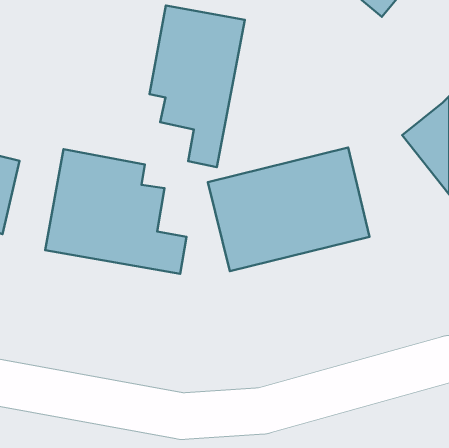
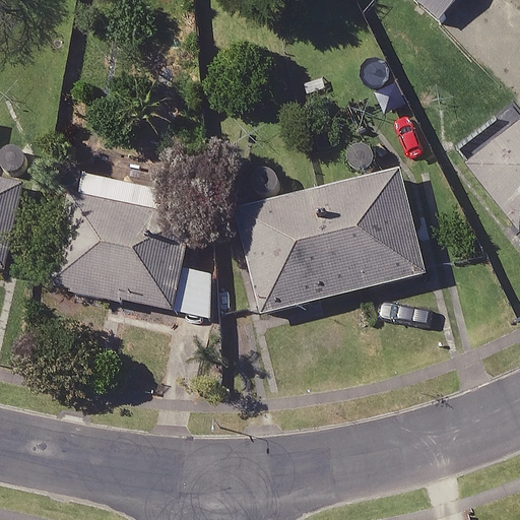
building: [150,5,245,167] -> none

